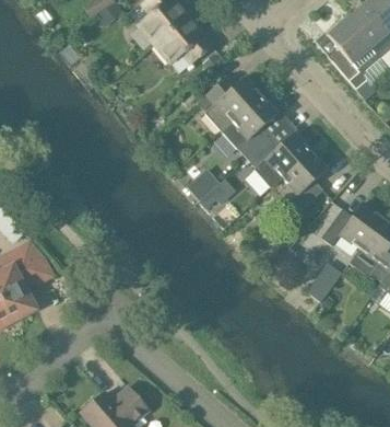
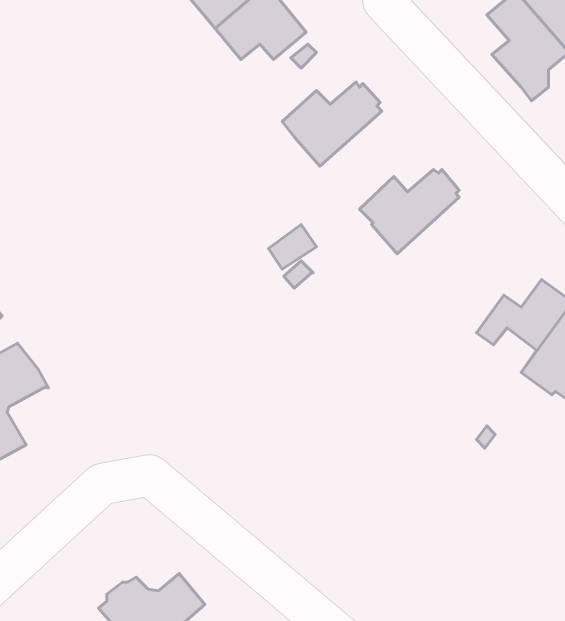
building: [221,96,276,159] -> none
building: [270,151,326,214] -> none
building: [305,263,341,302] -> none

